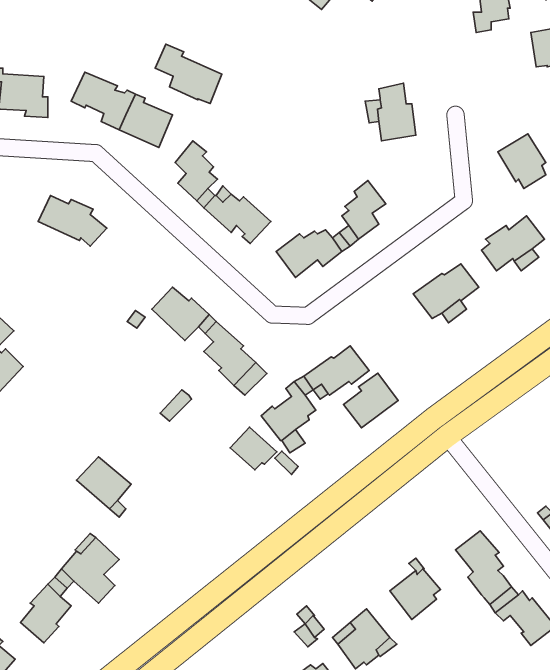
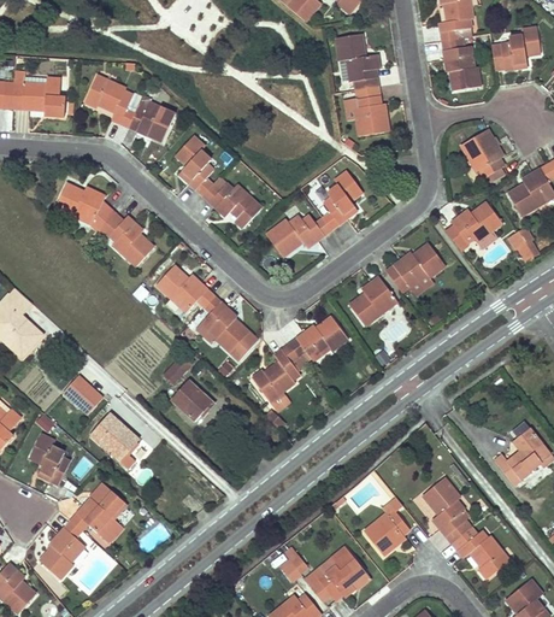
building: none -> [336,35,378,90]
building: none -> [441,37,479,90]
building: [155,44,222,103] -> none
building: none -> [99,213,154,265]
building: [344,373,398,428] -> [348,277,396,325]
building: none -> [64,375,102,415]
building: [230,427,277,470] -> [172,382,213,419]
building: none -> [29,434,70,483]

